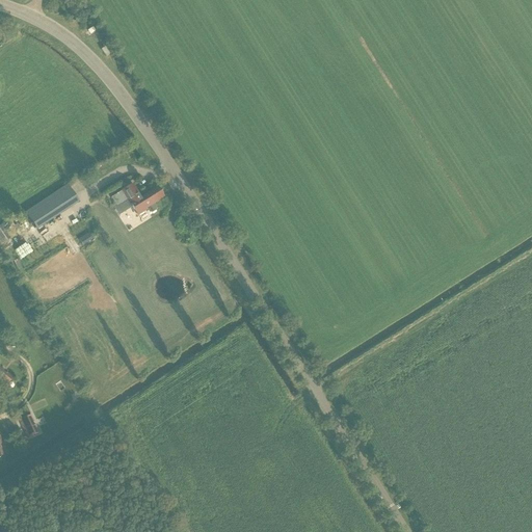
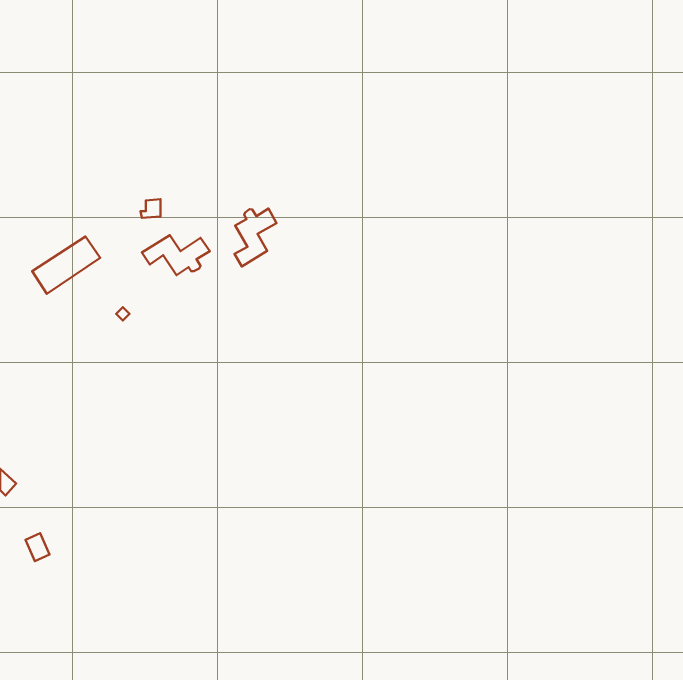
building: none -> [235,209,276,267]

